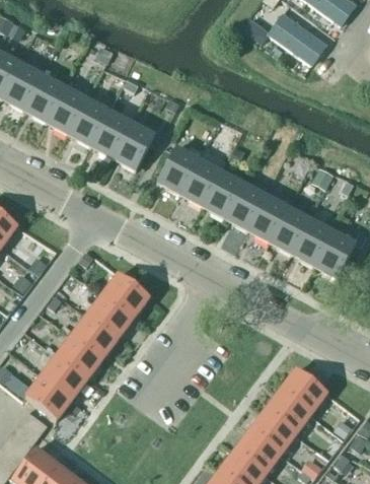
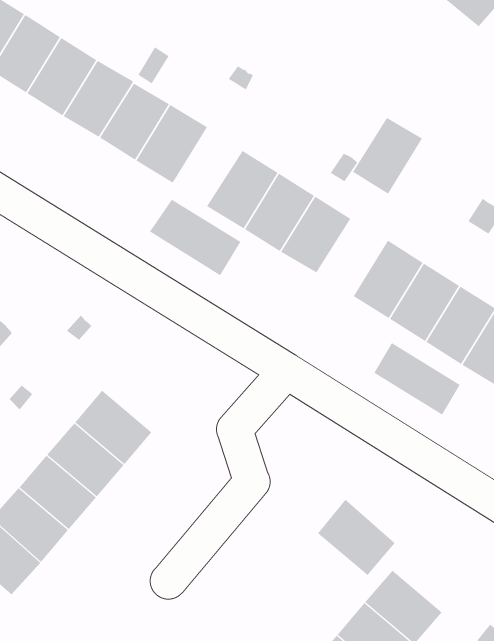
building: none -> [149,199,241,276]
building: [225,183,266,228] -> [352,117,423,195]
building: none -> [373,342,460,416]
building: [102,272,150,317] -> none
building: [281,367,327,412] -> [317,499,395,576]

